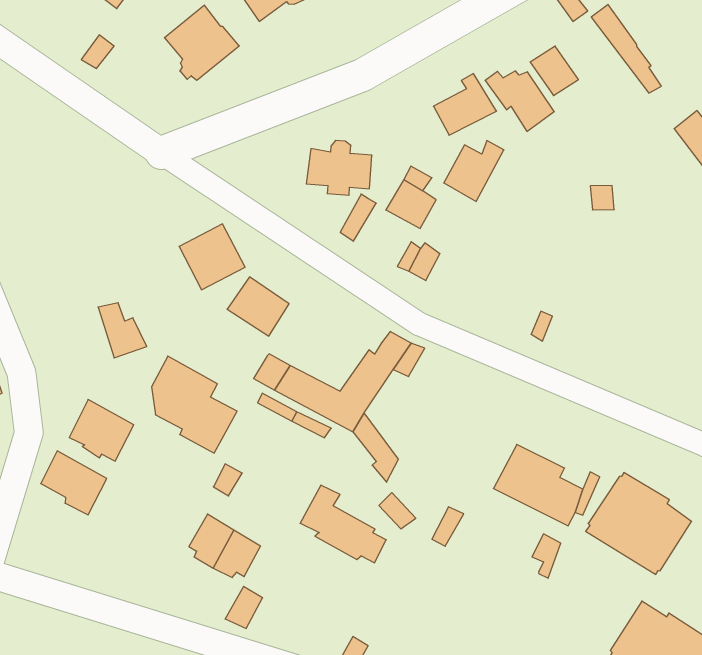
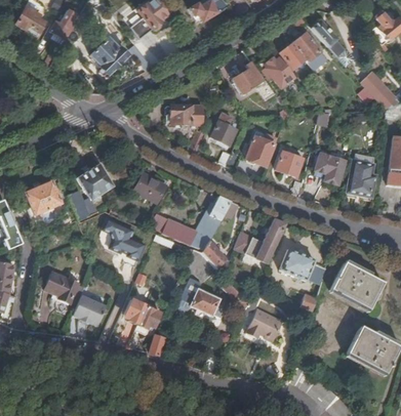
building: none -> [293,32,321,60]
building: [444,141,504,201] -> [246,133,276,165]
building: [179,224,245,290] -> [78,165,113,200]
building: none -> [276,150,304,175]
building: none -> [315,152,344,183]
building: none -> [25,181,61,215]
building: none -> [345,159,374,196]
building: none -> [234,218,285,263]
building: [69,399,134,461] -> [73,293,106,324]
building: none -> [248,308,282,337]

